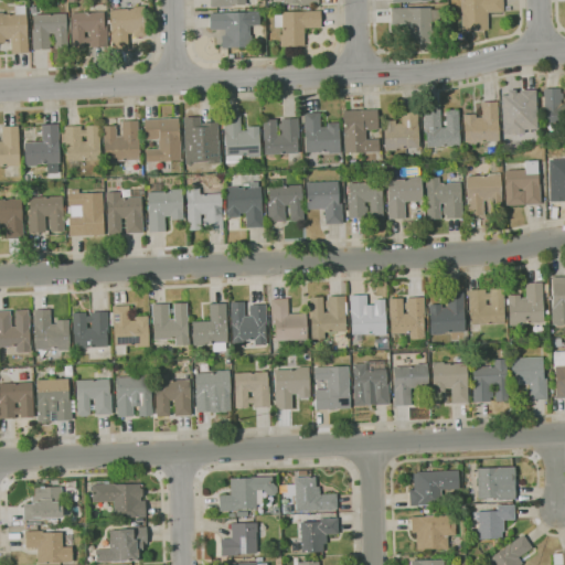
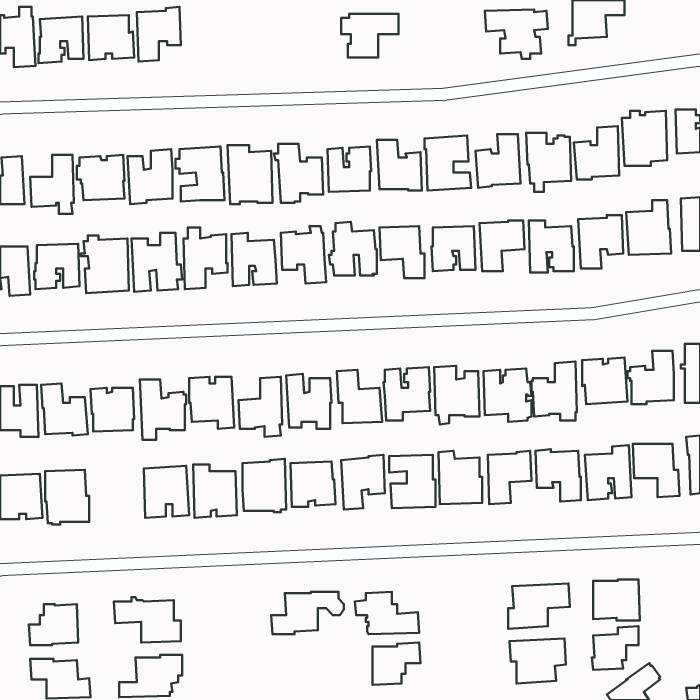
building: [210,11,260,49] -> none
building: [76,379,113,416] -> none
building: [221,522,257,556] -> none

